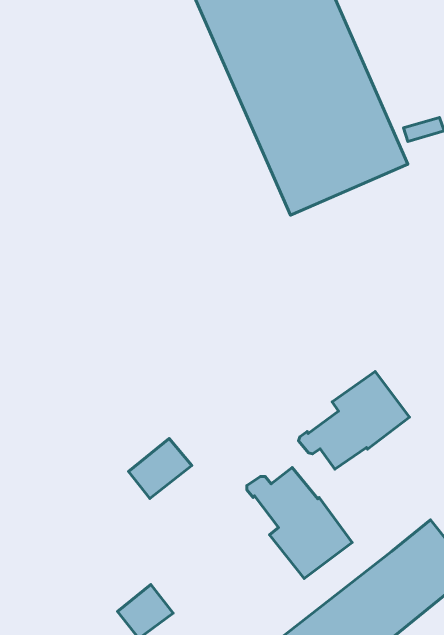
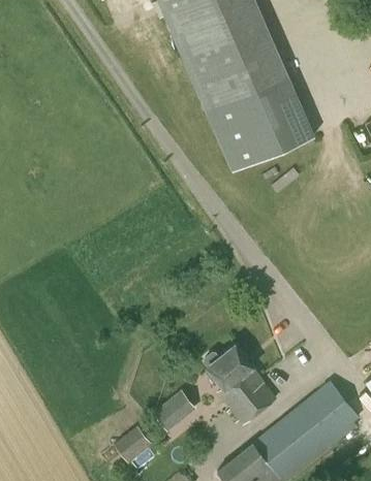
building: [299,371,409,469] -> none
building: [129,439,192,499] -> [153,392,196,434]

